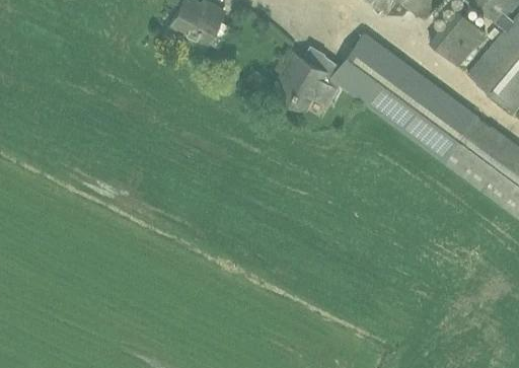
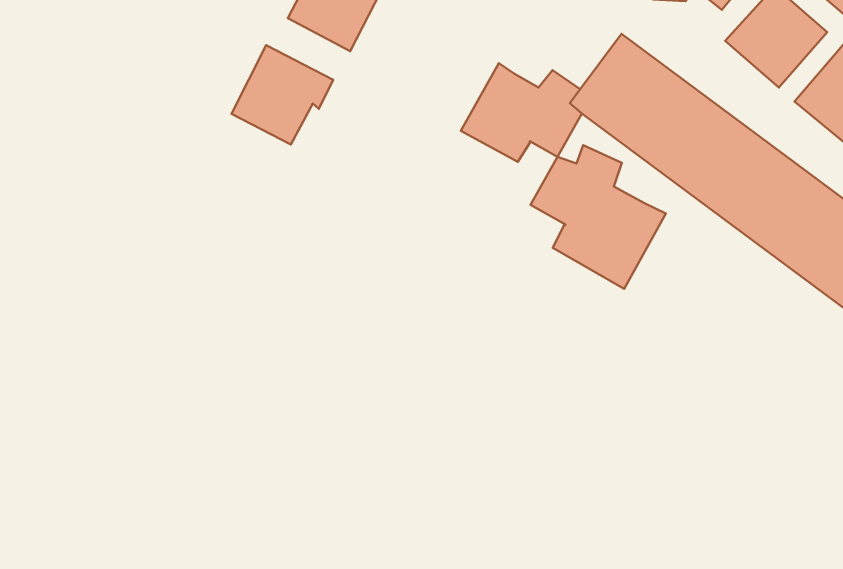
building: none -> [232,45,333,145]
building: none -> [531,145,666,289]

